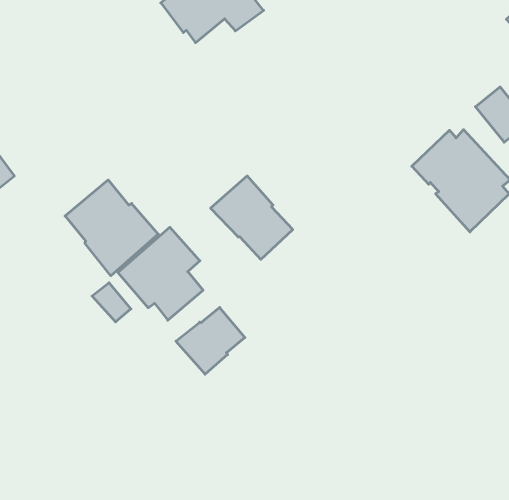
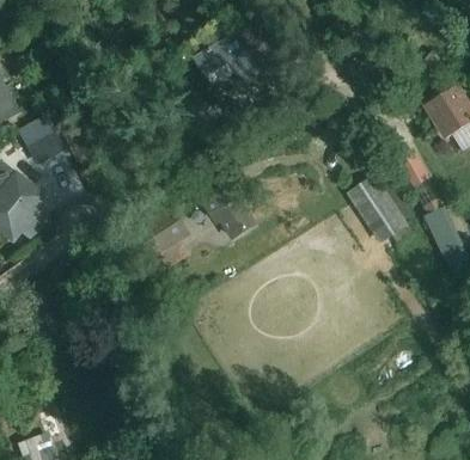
building: [65,180,158,276] -> none
building: [176,307,245,374] -> none

